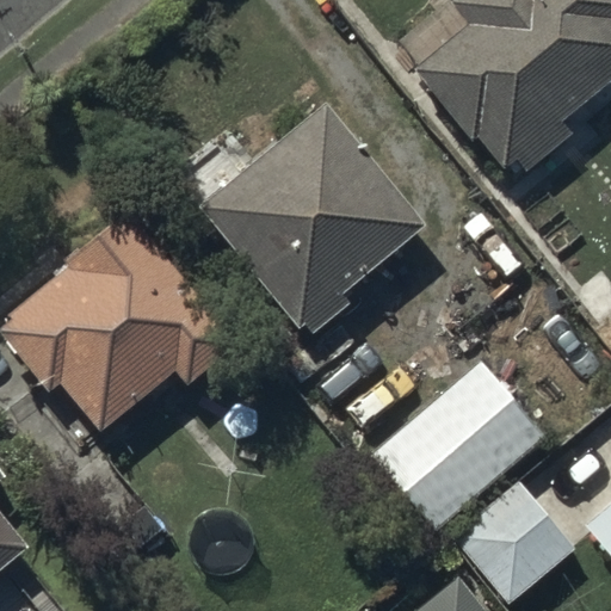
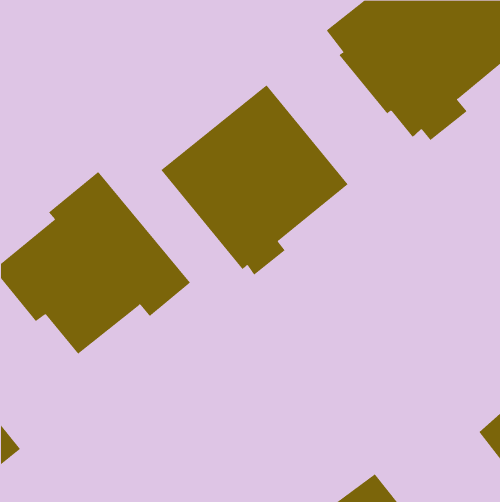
building: [369,364,542,530] -> none
building: [446,473,575,601] -> none

